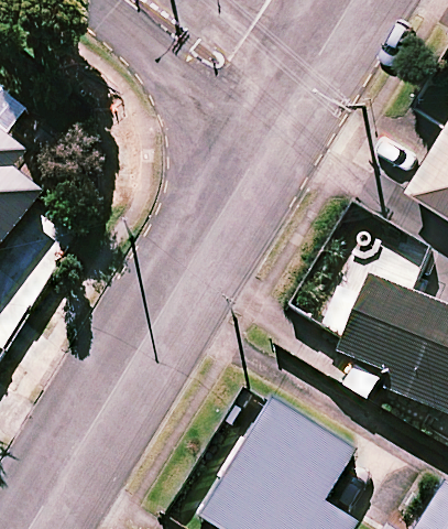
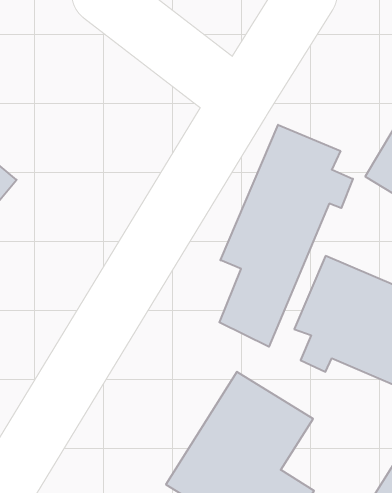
building: none -> [219,125,353,347]

